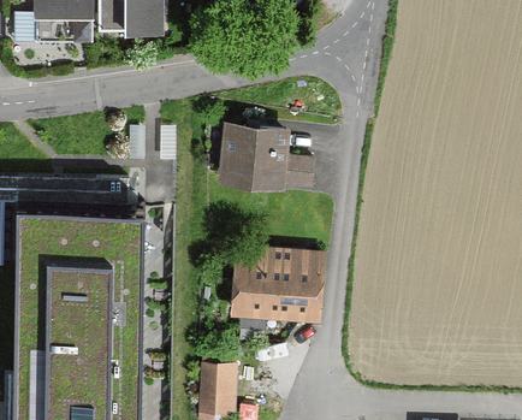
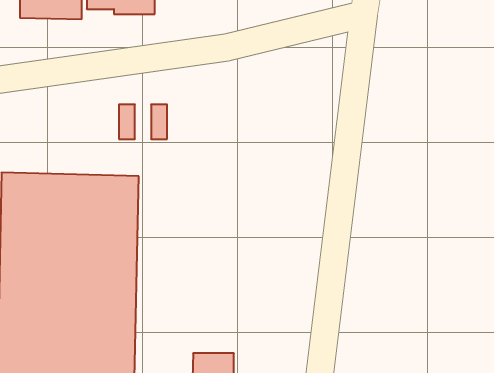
building: [215,116,291,185] -> none
building: [230,242,324,317] -> none

